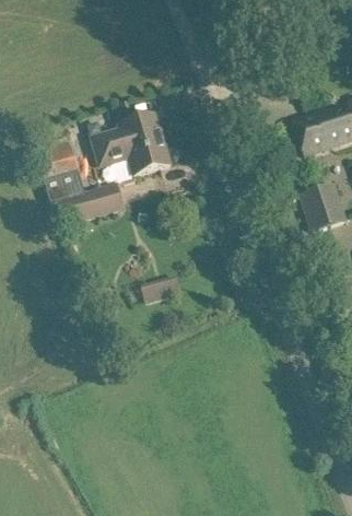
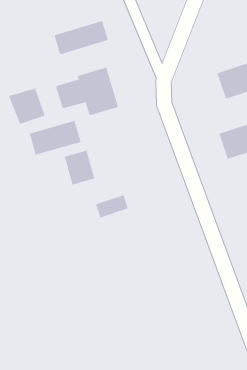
building: none -> [54,20,109,55]
building: none -> [64,150,95,185]

